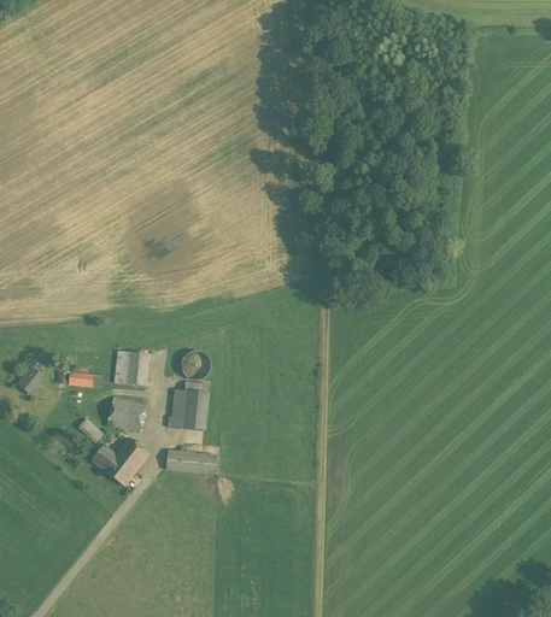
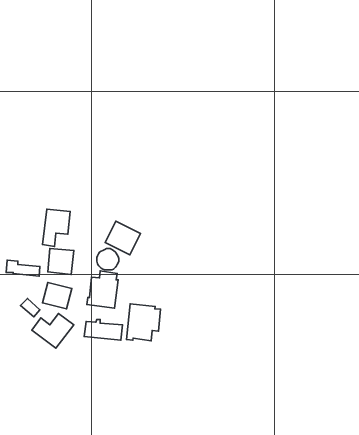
building: none -> [42,209,70,247]
building: none -> [105,221,141,255]
building: none -> [127,304,160,341]

